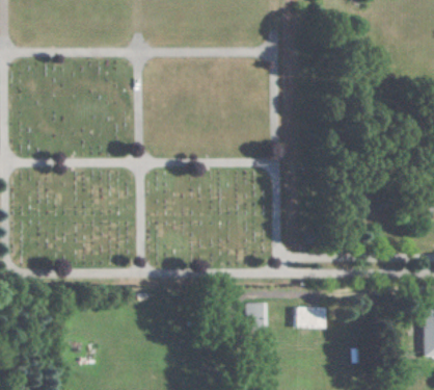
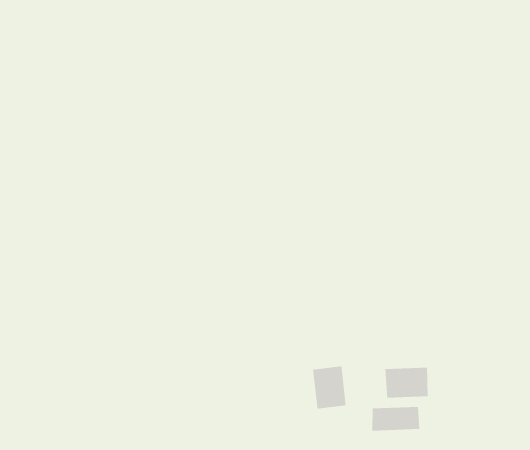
building: none -> [372,406,420,431]

